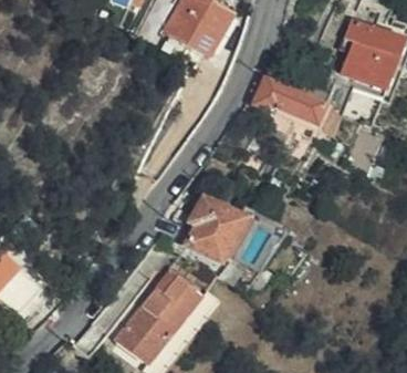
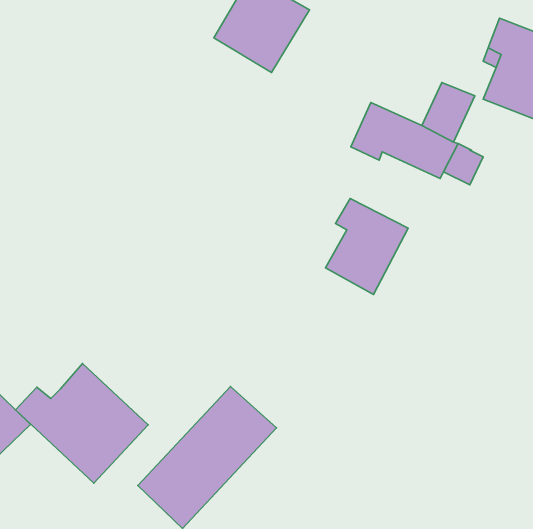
building: [187,199,242,263] -> [325,199,408,294]
building: none -> [15,364,148,483]

